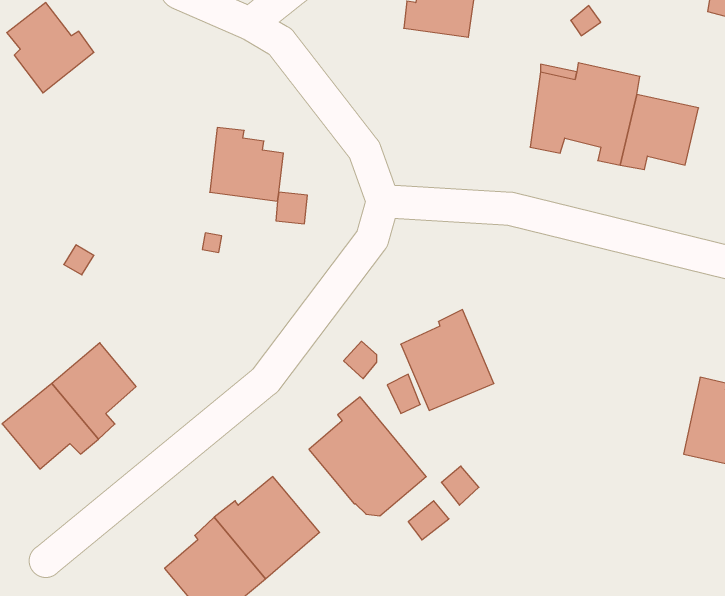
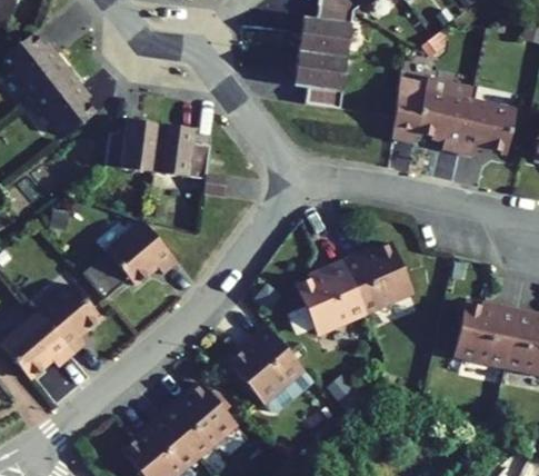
building: none -> [297,50,347,107]
building: none -> [32,68,97,133]
building: none -> [104,120,161,171]
building: none -> [83,220,178,297]
building: none -> [342,241,413,313]
building: none -> [455,301,518,365]

